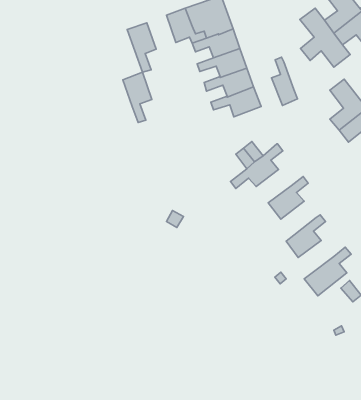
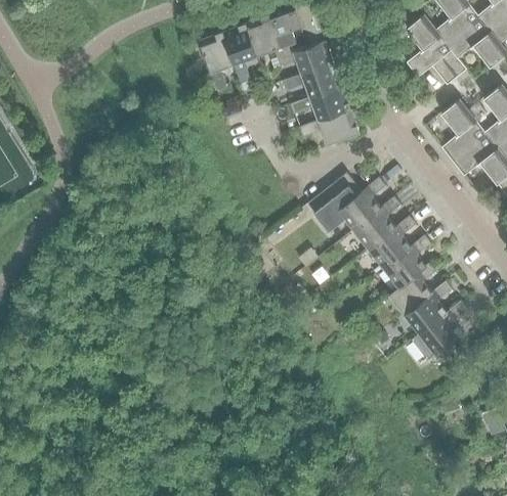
building: [271,57,297,105] -> none
building: [123,72,152,123] -> [222,24,257,84]
building: none -> [309,190,342,223]
building: none -> [353,197,400,249]
building: none -> [383,236,431,287]
building: none -> [404,282,452,333]

